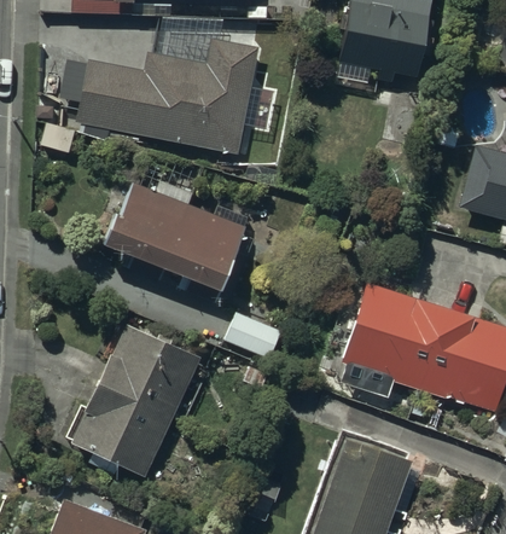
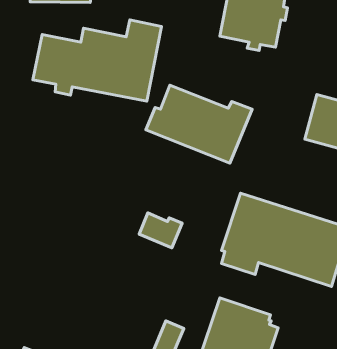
building: [100,181,250,291] -> [146,85,252,163]
building: [71,324,200,477] -> none

